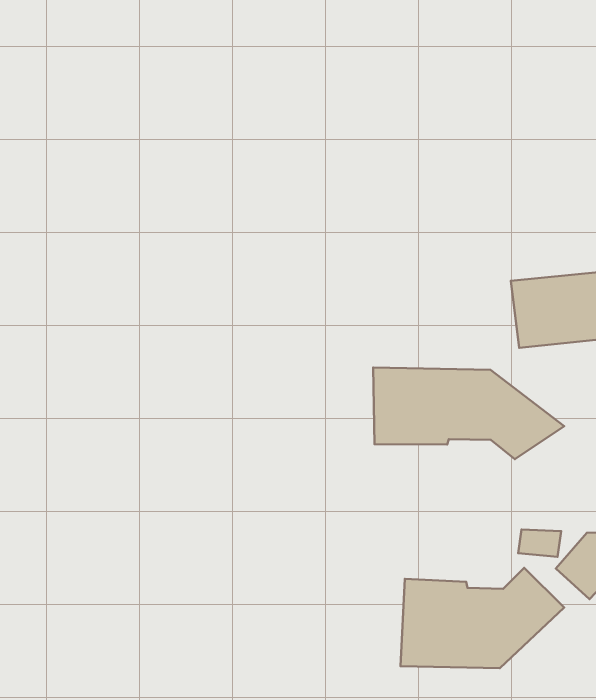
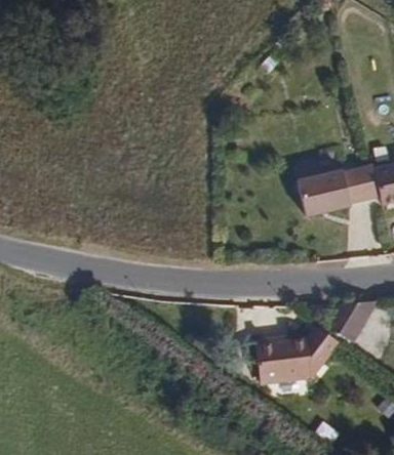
building: [373,367,564,459] -> none

